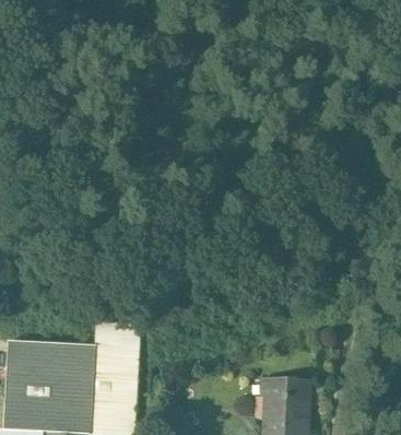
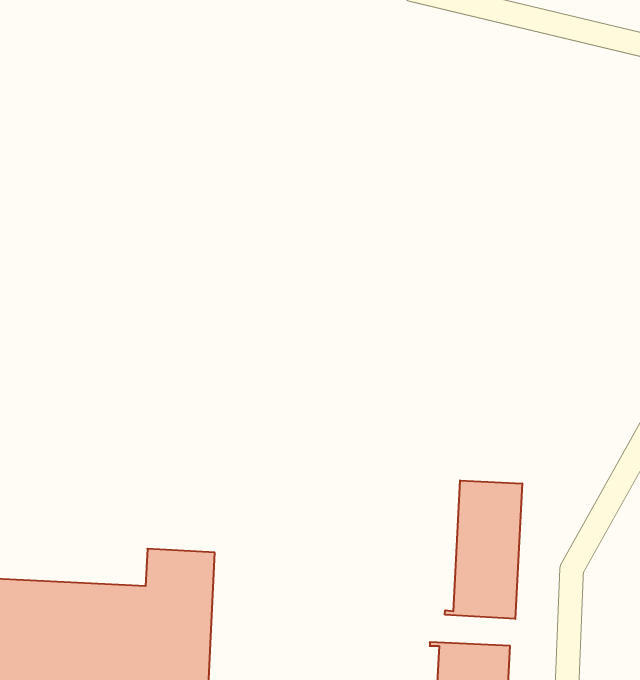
building: none -> [445,480,522,619]

